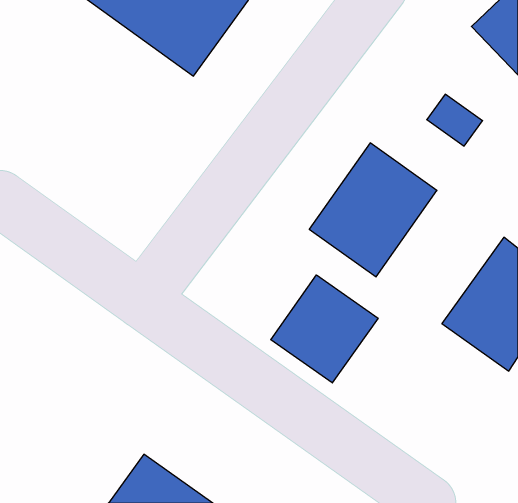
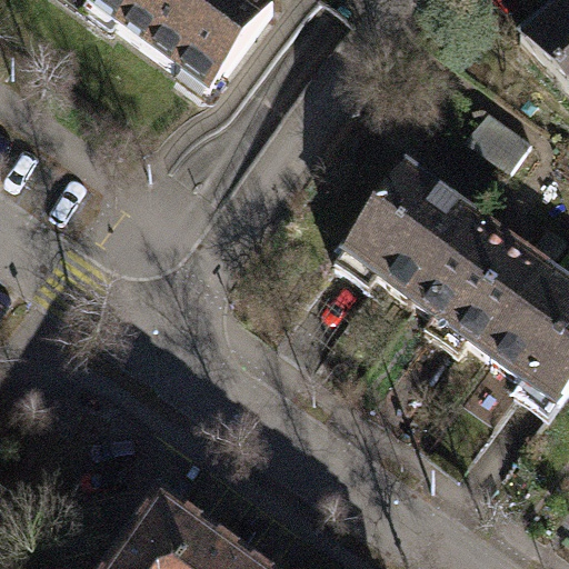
building: none -> [412,209,552,355]
building: [271,275,378,383] -> none

